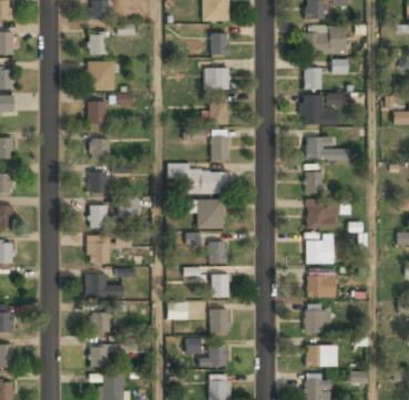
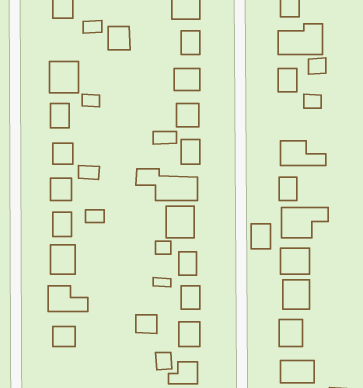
building: [88,32,109,54] -> [108,27,130,50]
building: [301,95,338,125] -> none
building: none -> [251,224,271,249]
building: [90,343,119,366] -> none

